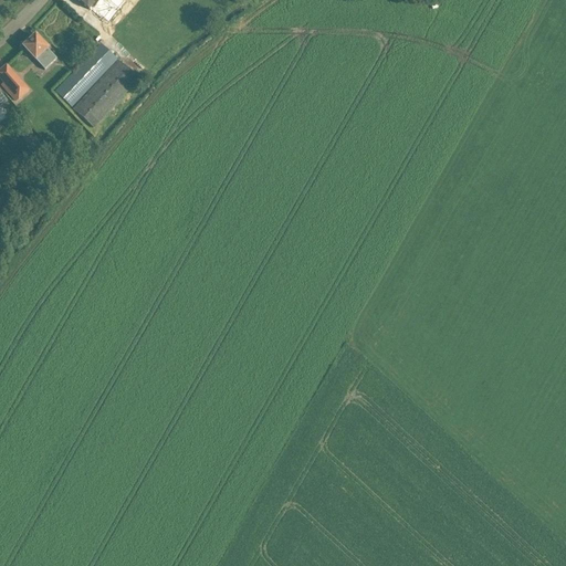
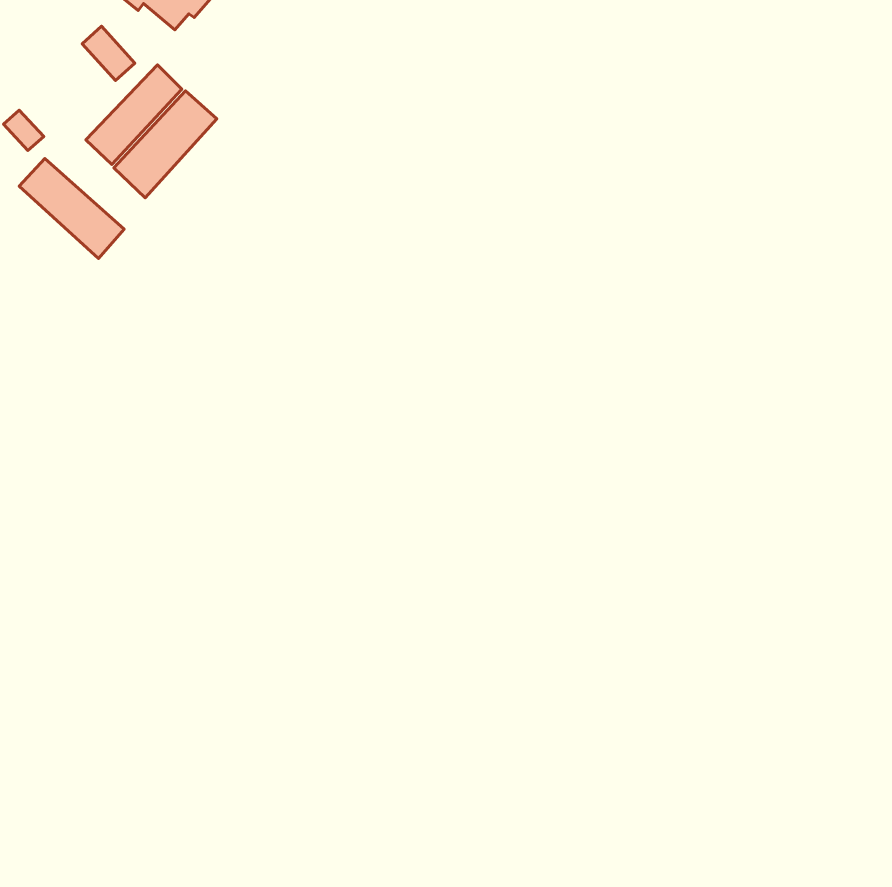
building: [22,32,55,66] -> [82,26,135,81]
building: none -> [19,158,124,259]

